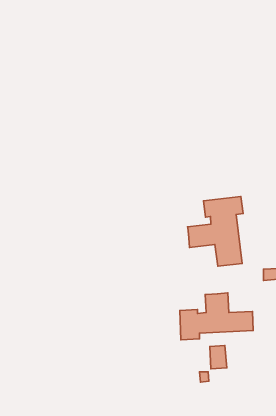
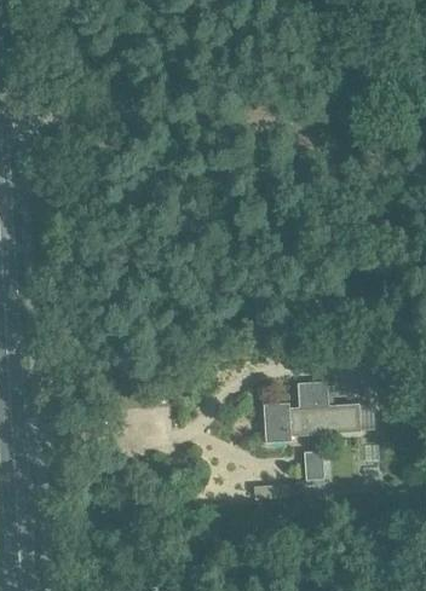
building: [188,196,243,266] -> none

